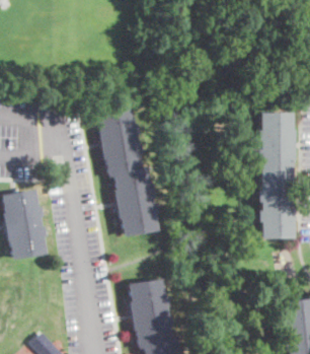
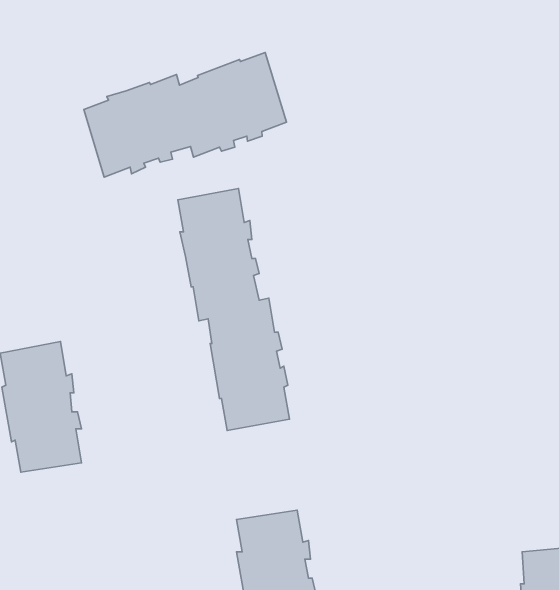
building: none -> [84,52,286,177]
building: [257,113,296,239] -> none

